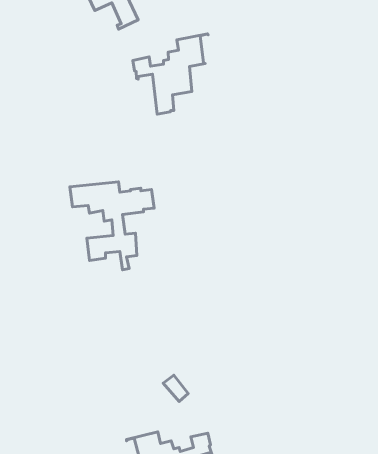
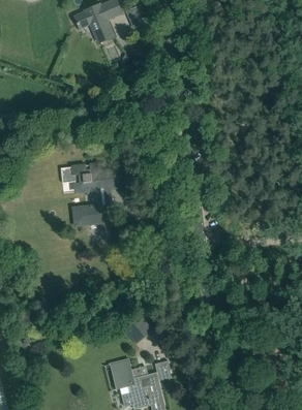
building: [133,34,208,114] -> none

